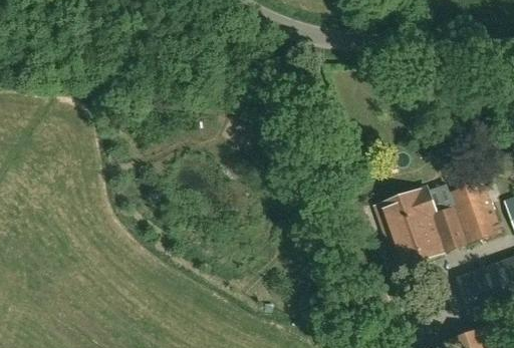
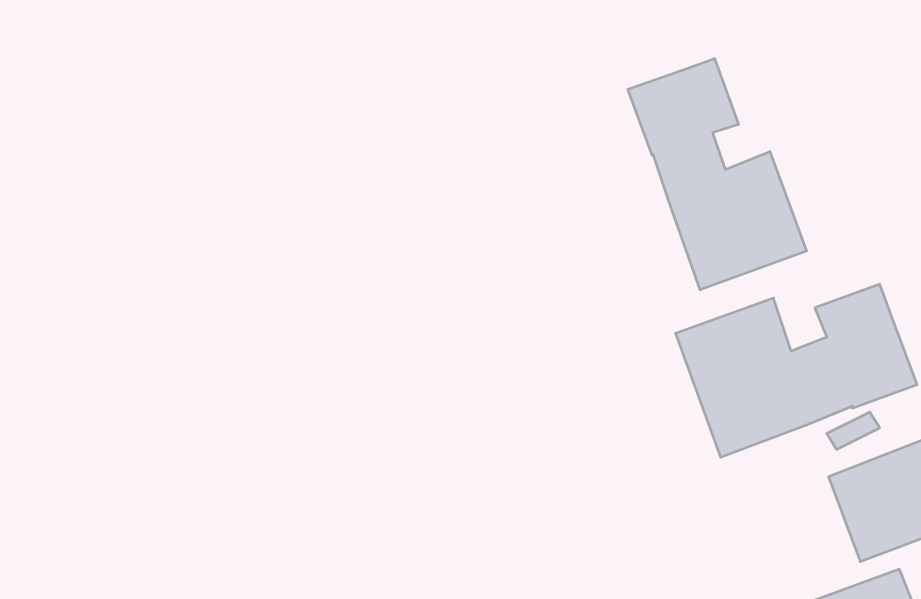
building: none -> [628,58,807,290]

